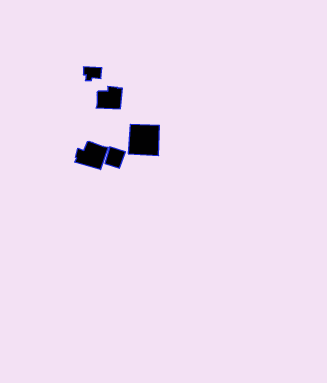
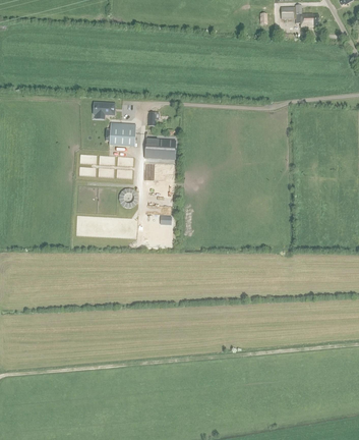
building: none -> [143,139,175,158]
building: [75,141,108,170] -> none

